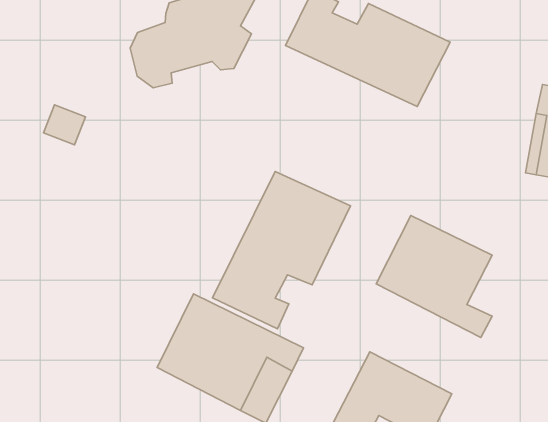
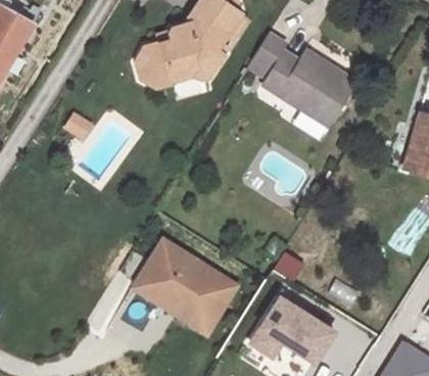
building: [212,172,350,329] -> none
building: [376,215,492,338] -> none

